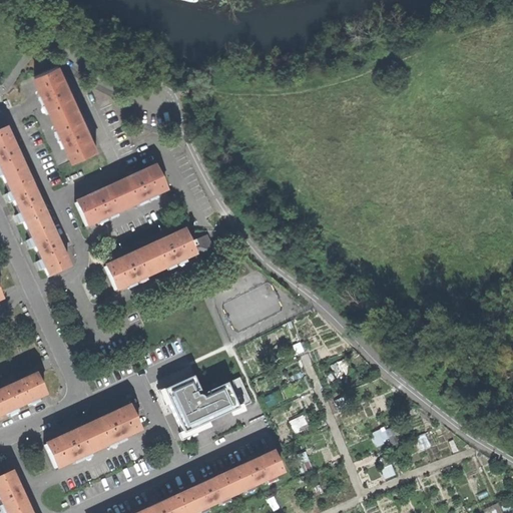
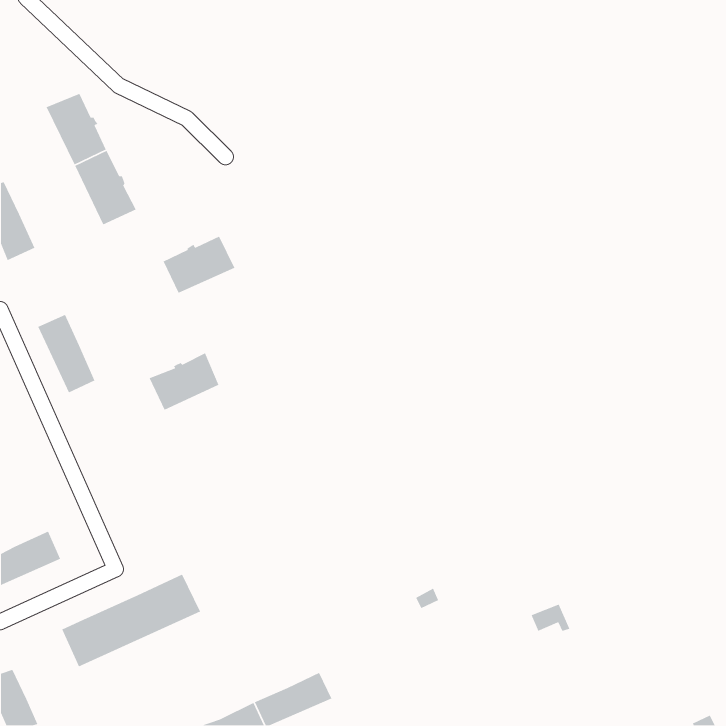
building: [7,174,48,229] -> none
building: [77,183,127,224] -> none
building: [146,229,196,271] -> none
building: [159,371,252,438] -> none
building: [226,451,283,491] -> none

